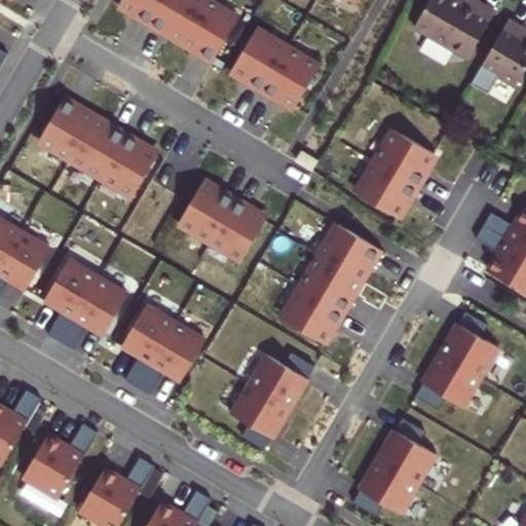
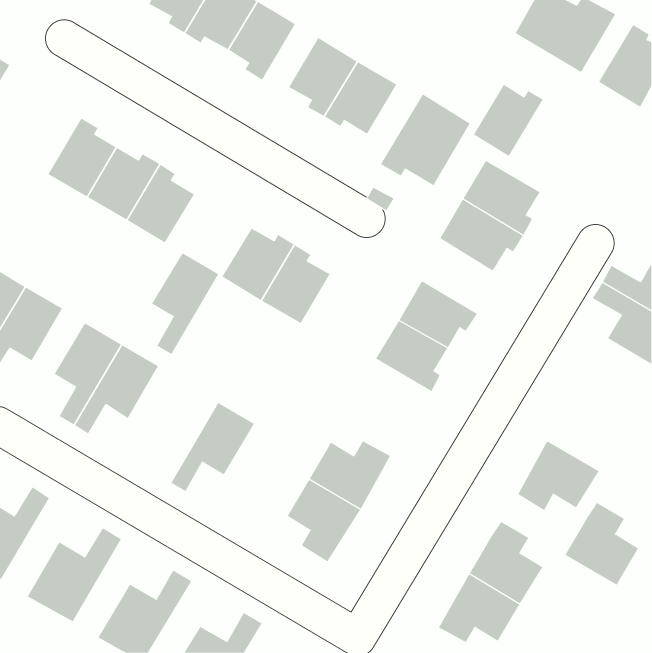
building: none -> [473,84,544,157]
building: none -> [380,93,470,186]
building: [283,288,346,342] -> none
building: [120,305,175,387] -> [151,252,219,355]
building: [439,311,498,378] -> [565,502,639,586]

